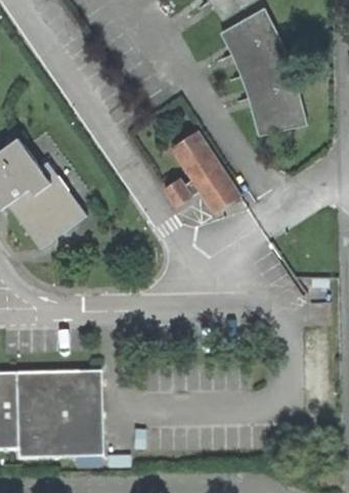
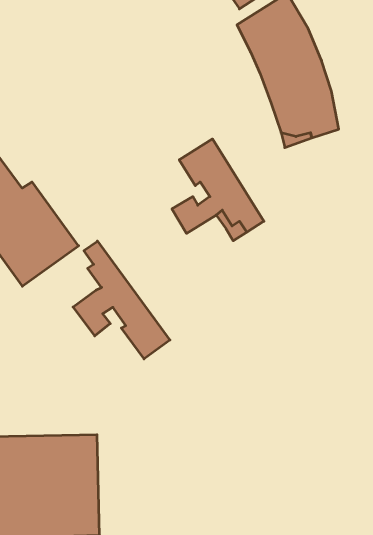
building: none -> [73,241,170,359]

